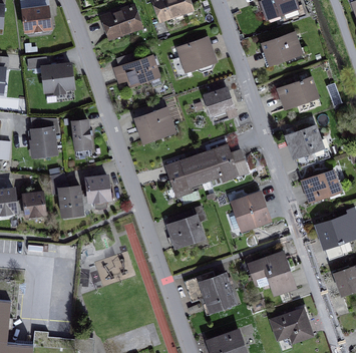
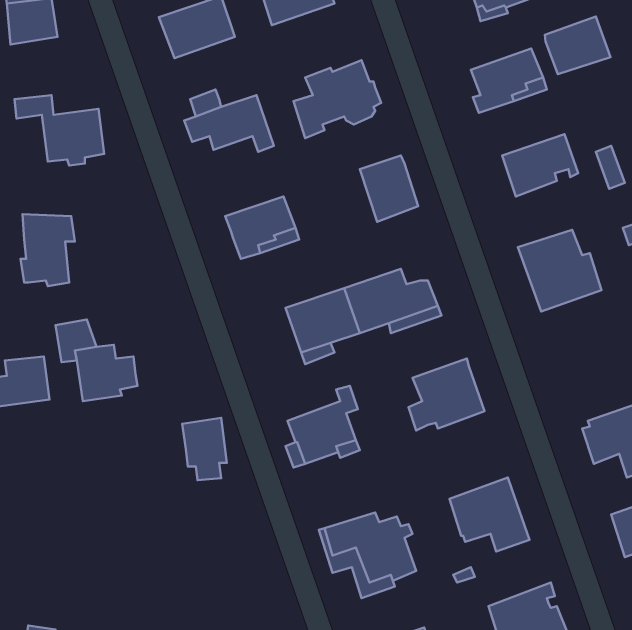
building: none -> [545,17,610,74]
building: [72,119,90,156] -> none
building: [302,170,339,202] -> none
building: [86,175,109,208] -> [182,418,227,480]

